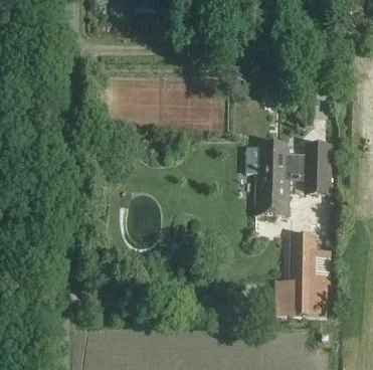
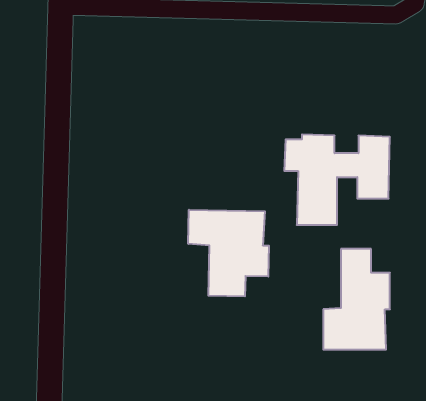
building: none -> [188,210,269,296]

